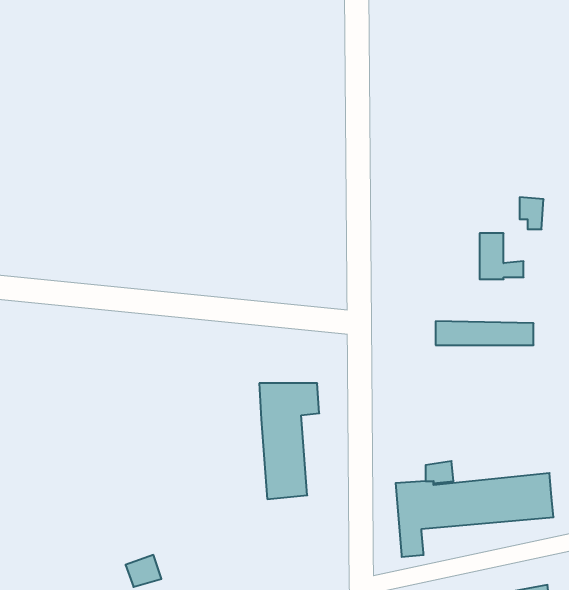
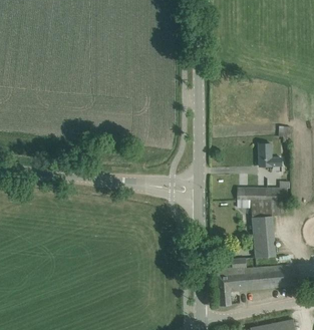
building: [259,383,319,499] -> [251,200,281,258]

